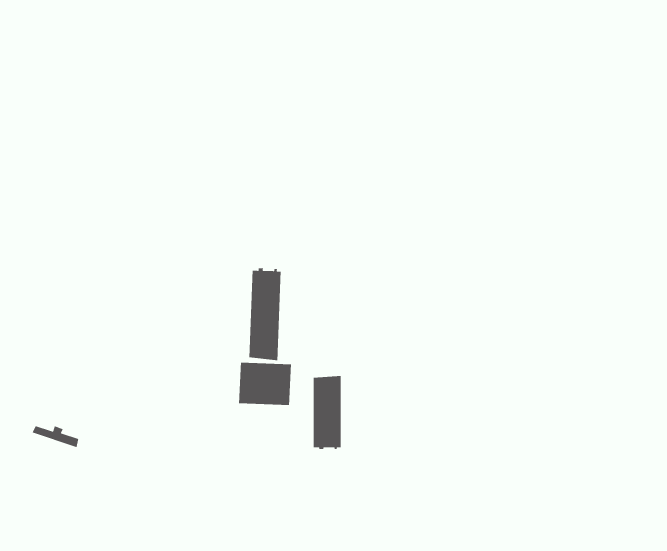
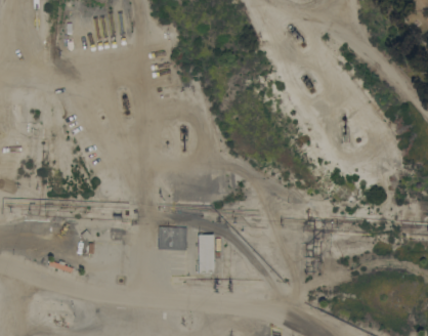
building: [248,268,282,361] -> none

